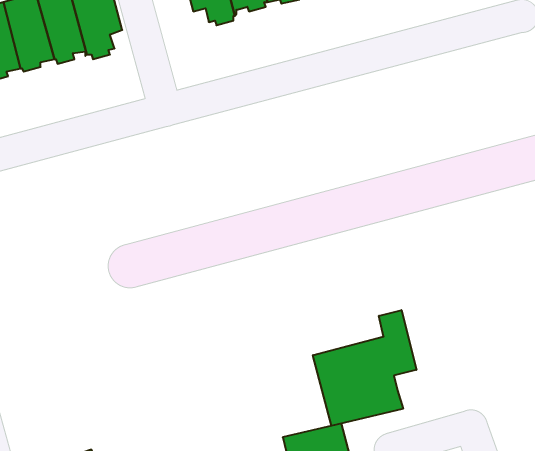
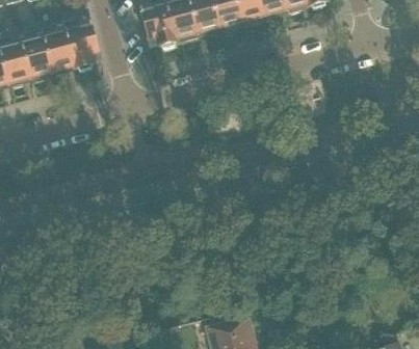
building: [313,310,416,426] -> none

